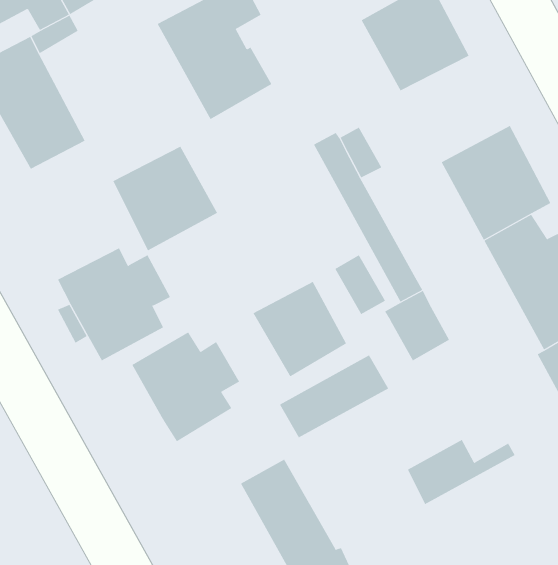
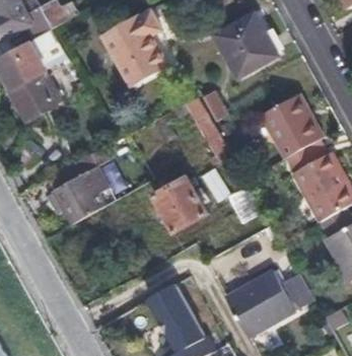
building: [112,146,218,251] -> none
building: [132,332,240,442] -> none
building: [279,355,389,438] -> [253,281,315,329]

